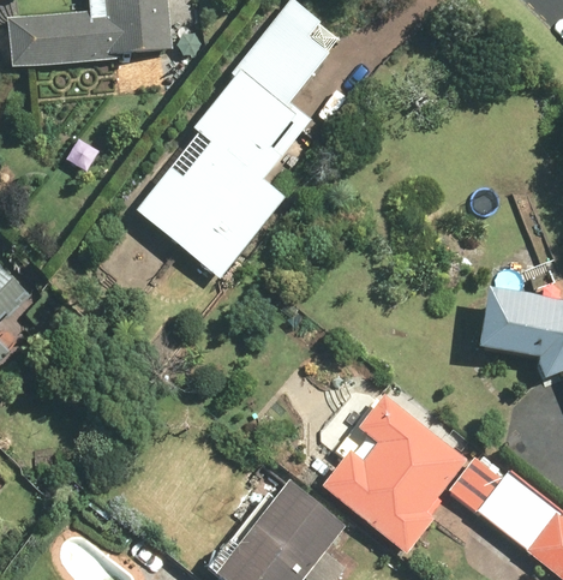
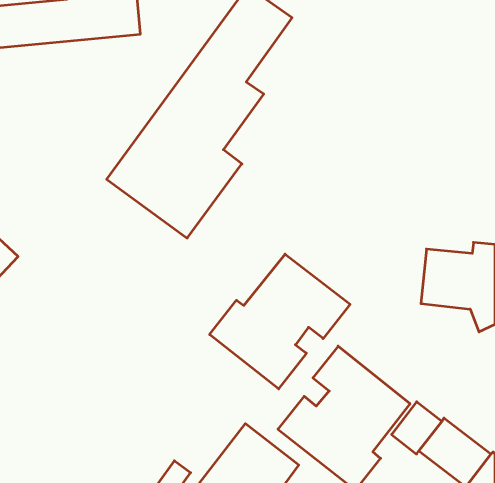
building: none -> [210,254,350,389]

